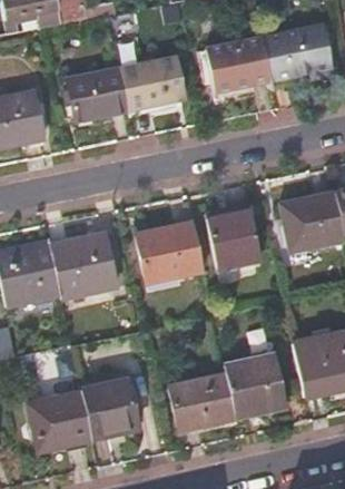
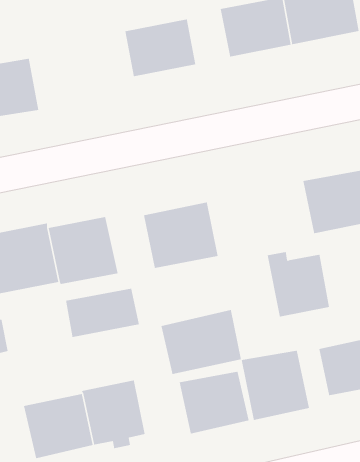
building: [67,67,128,118] -> none
building: [203,198,259,257] -> [267,252,330,317]
building: none -> [65,288,139,338]
building: none -> [161,309,242,375]

